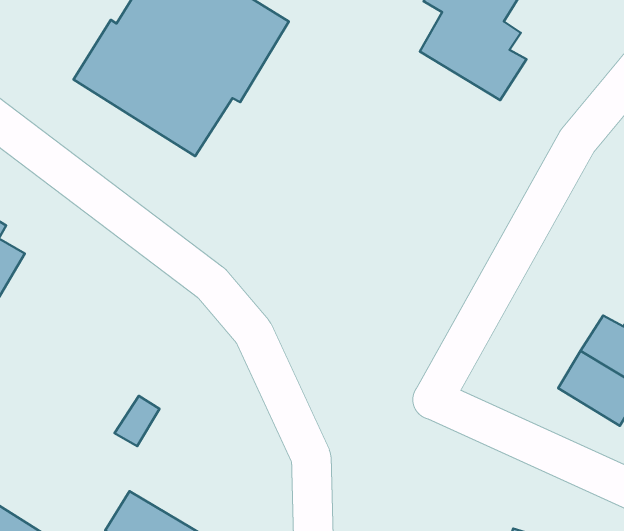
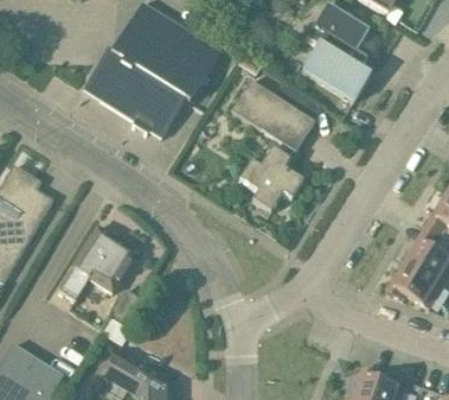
building: none -> [230,80,314,211]
building: none -> [58,229,140,299]

